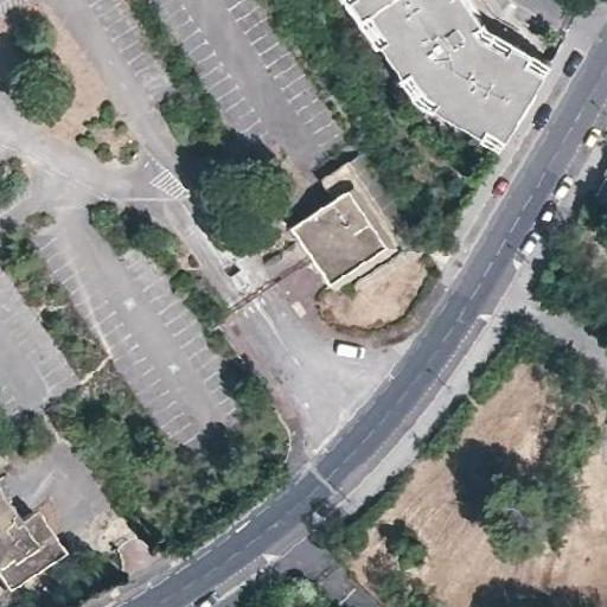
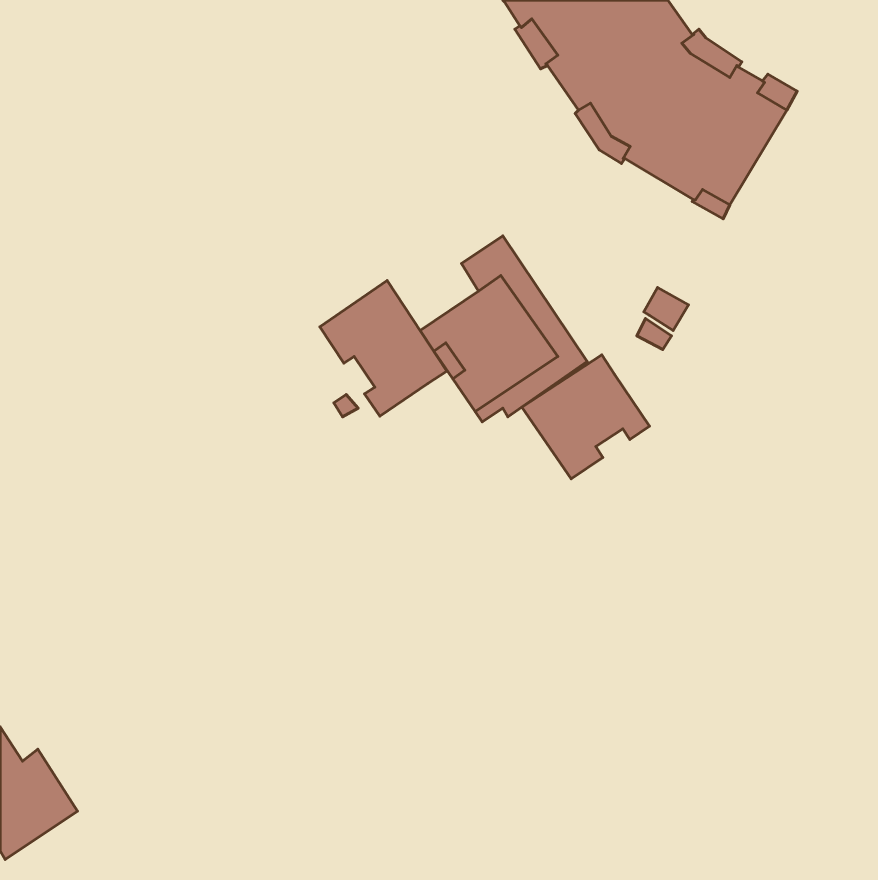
building: none -> [320,280,447,416]
building: none -> [522,355,649,479]

